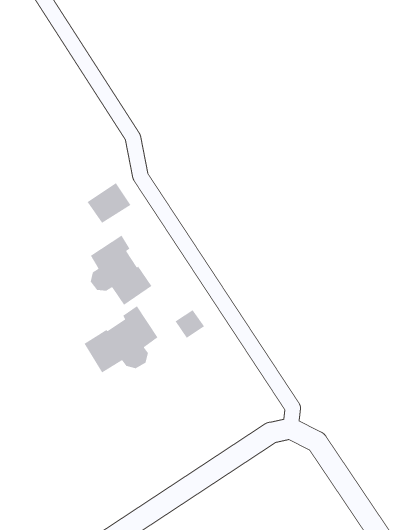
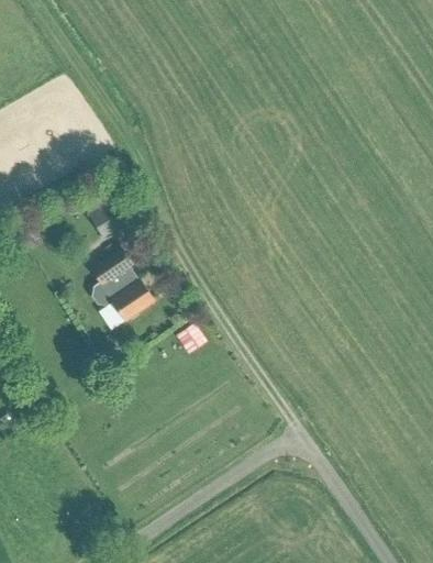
building: [83,305,159,374] -> none

